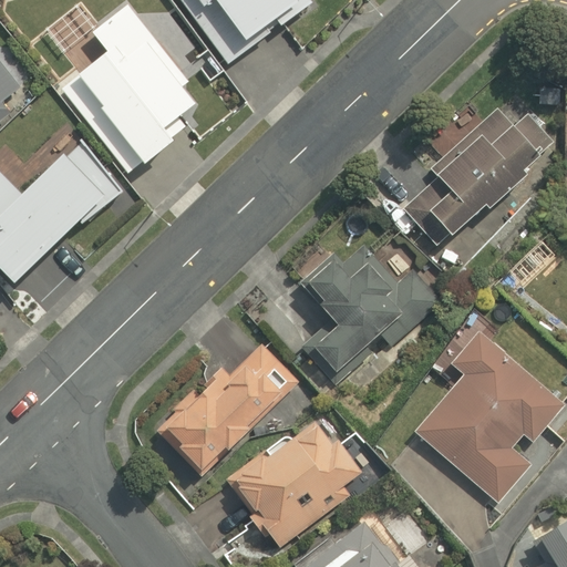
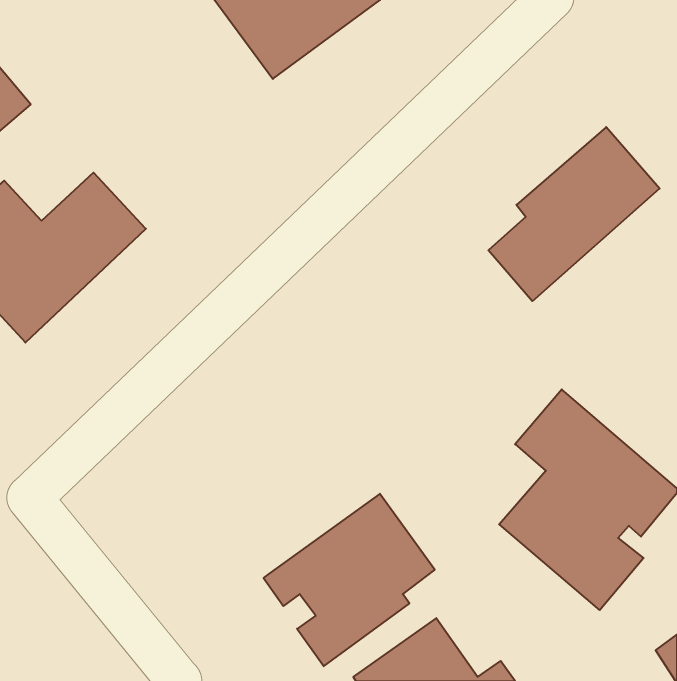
building: [54,9,203,174] -> none
building: [299,244,440,384] -> none
building: [153,341,296,475] -> none

